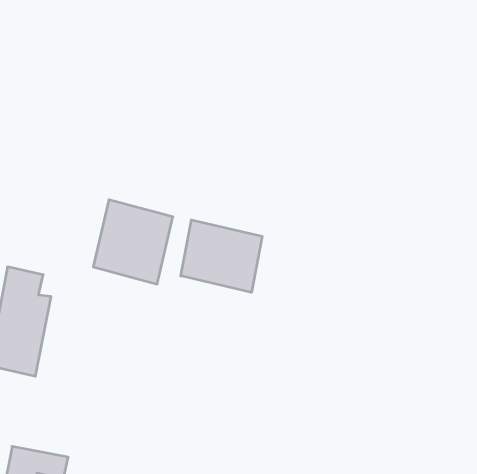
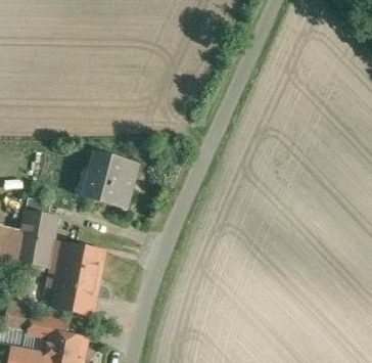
building: [181,220,262,292] -> none
building: none -> [49,242,103,314]

